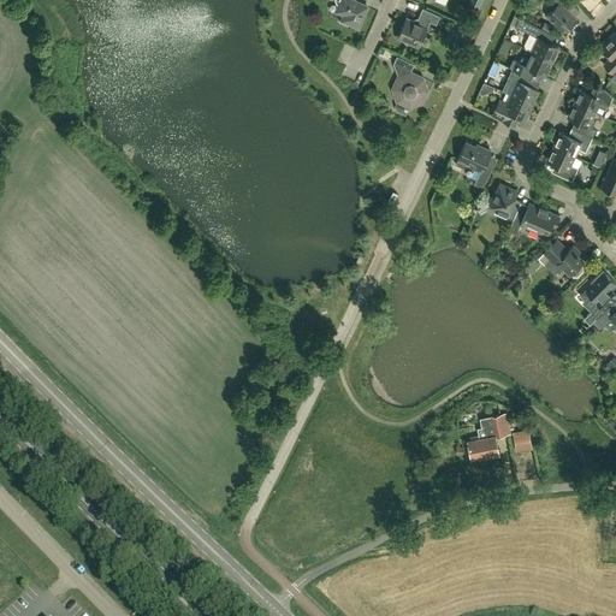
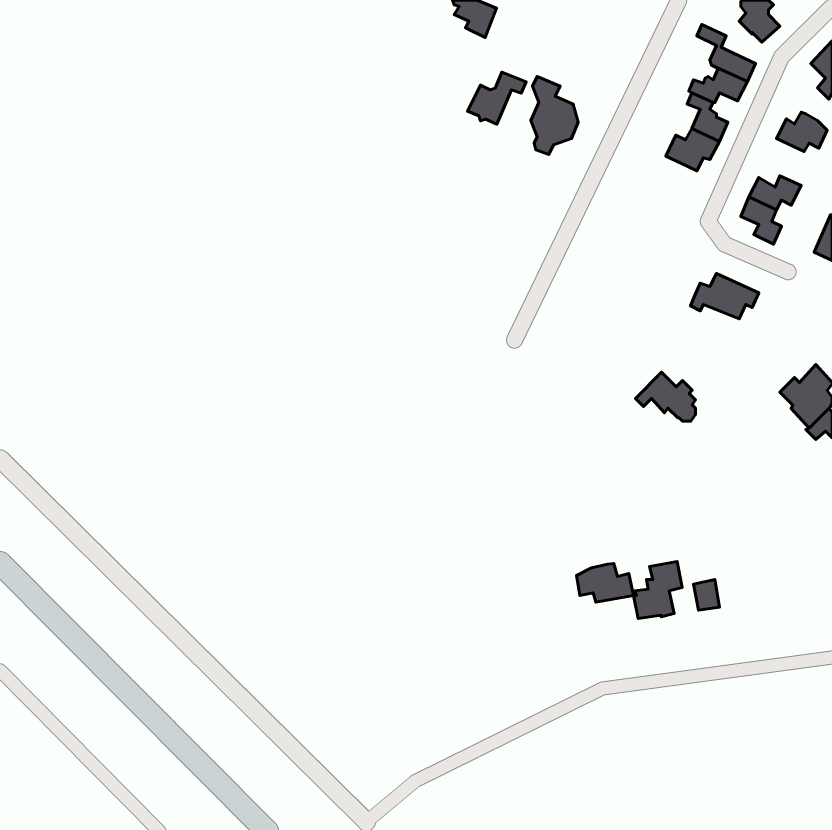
building: [397,10,440,48] -> [468,72,526,124]
building: [568,103,596,138] -> none
building: [456,143,493,190] -> none
building: [475,184,521,219] -> none
building: [538,241,582,277] -> [635,372,696,421]
building: none -> [577,564,633,602]

